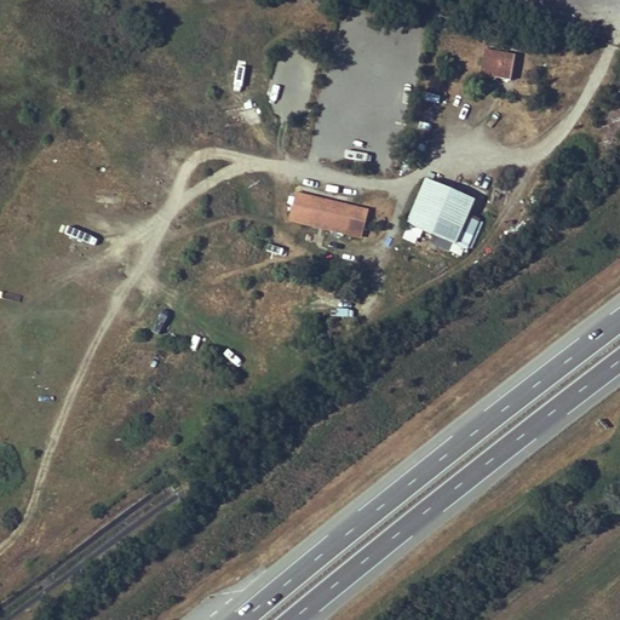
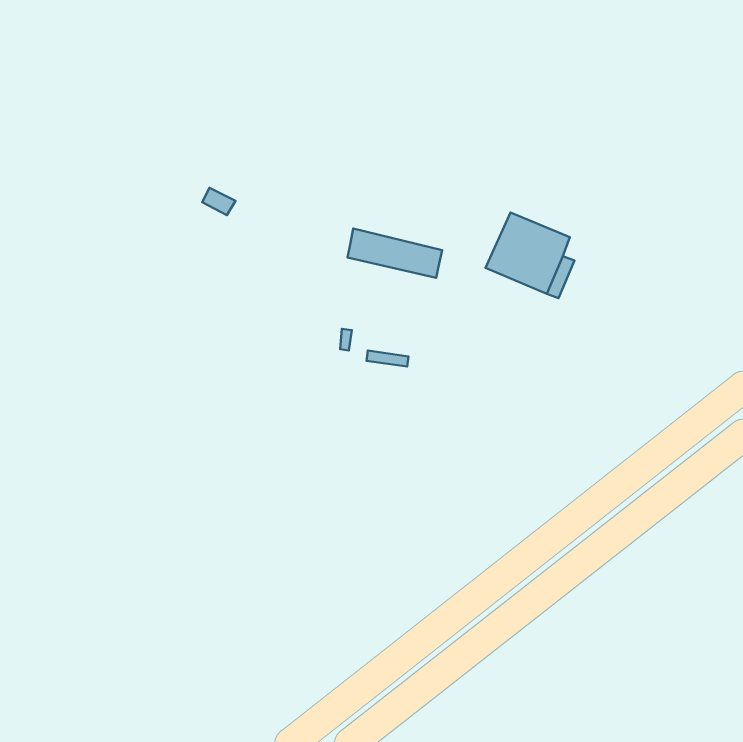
building: [483,48,516,79] -> none

